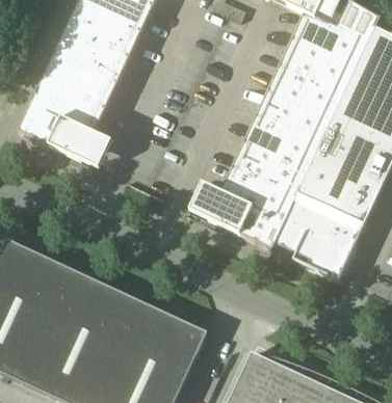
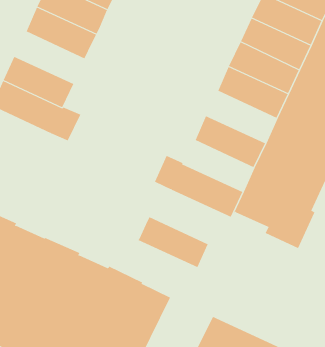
building: [44,54,119,109] -> none
building: [245,116,320,171] -> none
building: [221,168,296,222] -> [137,217,209,268]

